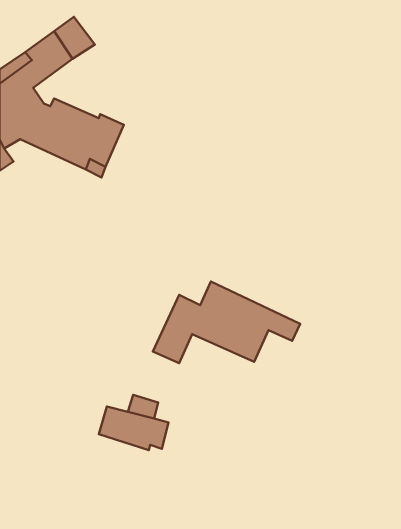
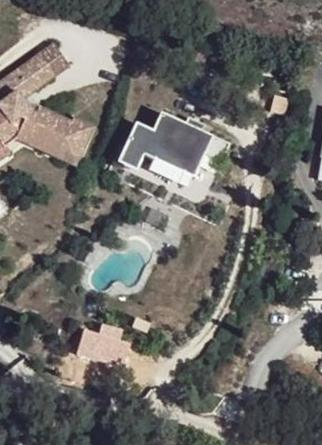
building: [153,282,300,363] -> [110,124,222,186]

